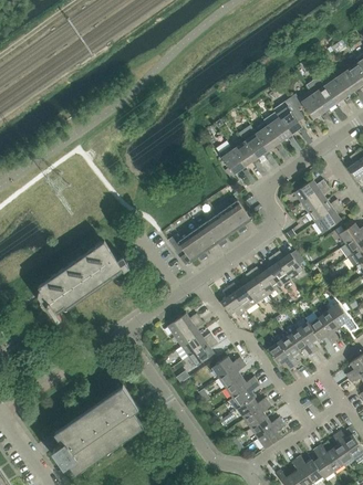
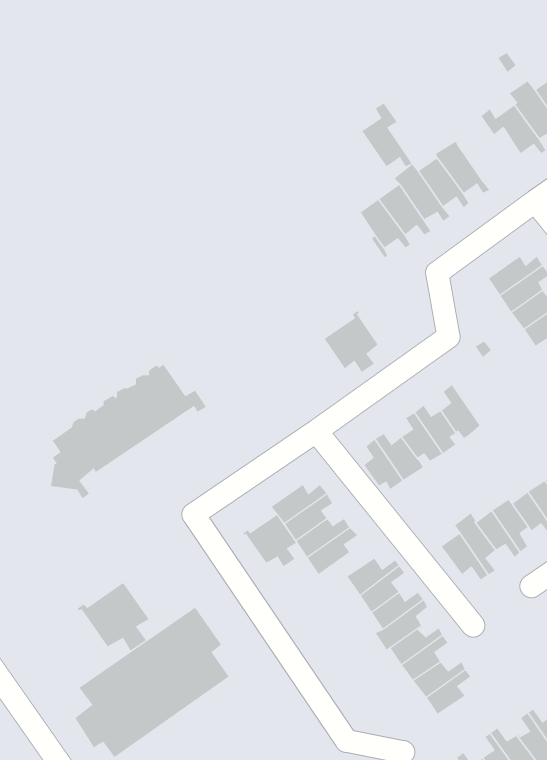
building: [277,97,307,135] -> [362,103,413,167]
building: [218,200,250,233] -> none
building: [168,228,210,265] -> none
building: [273,250,303,278] -> none
building: none -> [243,514,297,567]
building: none -> [77,582,149,651]

